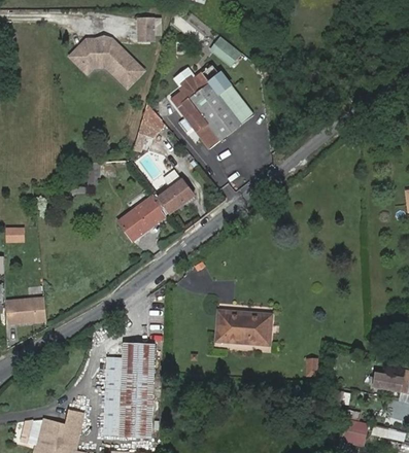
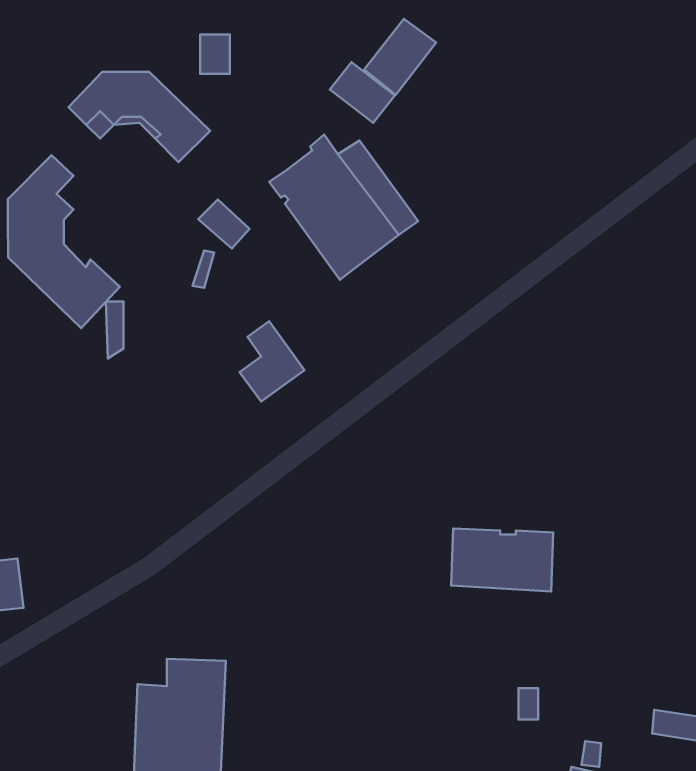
building: none -> [364,19,436,95]
building: none -> [8,155,120,328]
building: [117,194,170,241] -> none
building: [215,313,269,346] -> [451,529,553,591]

